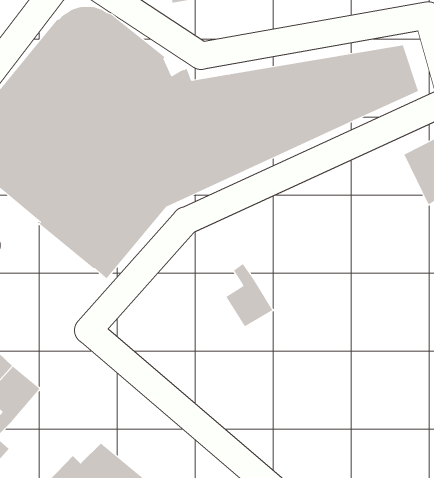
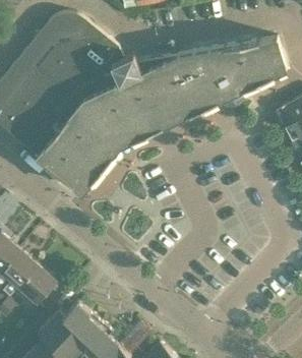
building: [225,263,273,327] -> none
building: none -> [18,265,55,303]

